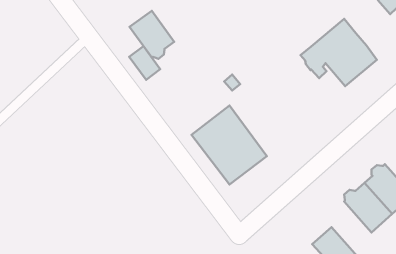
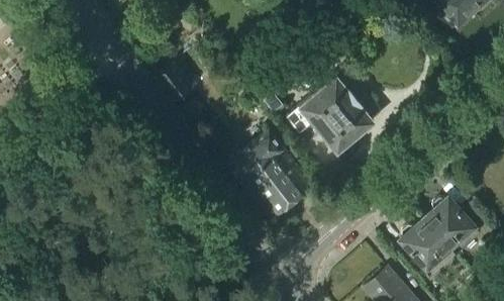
building: [129,11,174,59] -> none
building: [301,19,377,86] -> [287,74,374,150]

